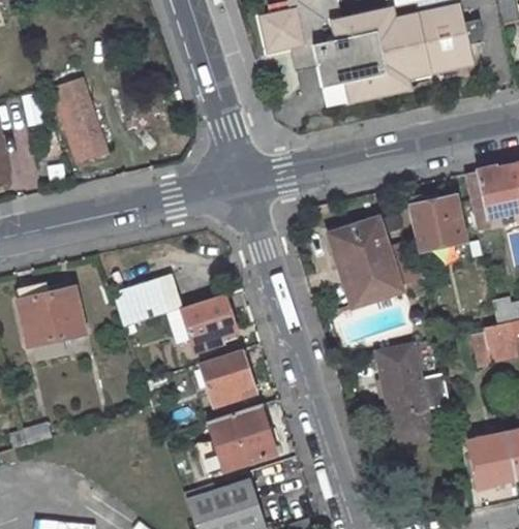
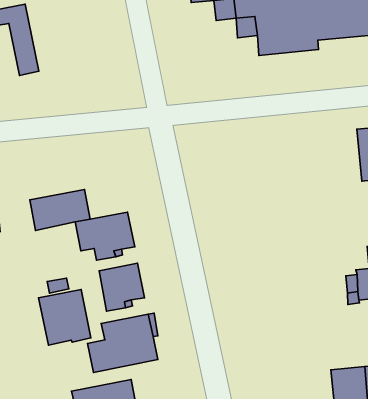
building: [408,194,466,251] -> none
building: [333,218,401,305] -> none
building: [376,342,450,445] -> none
building: none -> [38,289,91,345]

